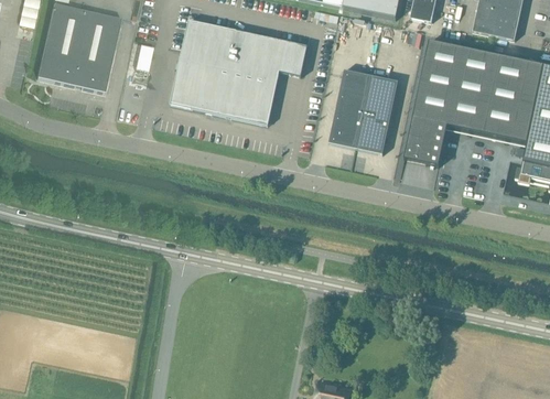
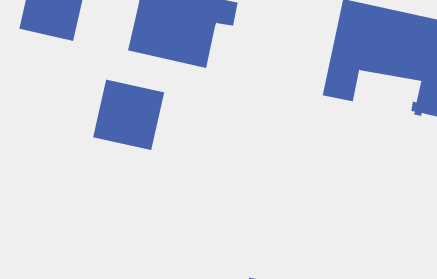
building: [328,68,399,153] -> none
building: none -> [93,79,165,151]

